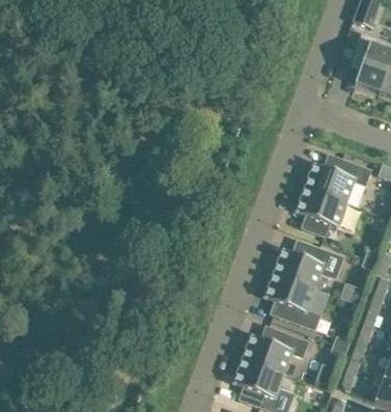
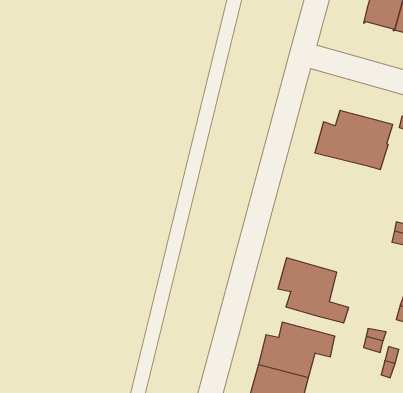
building: [297,188,346,237] -> none
building: [274,240,344,289] -> none

